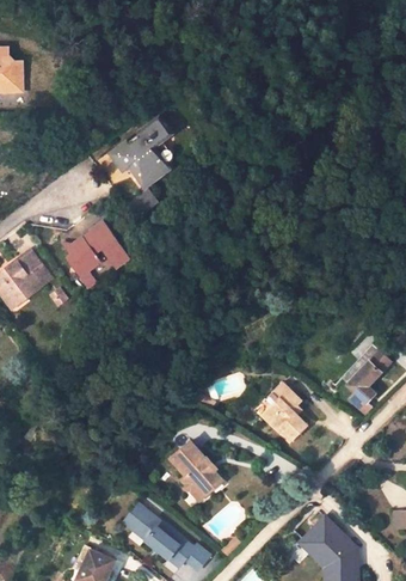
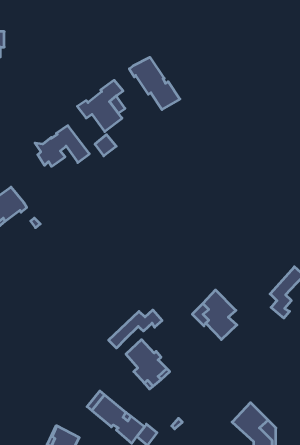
building: none -> [129,57,180,110]
building: [63,222,130,273] -> [35,126,89,166]
building: none -> [109,310,162,348]

